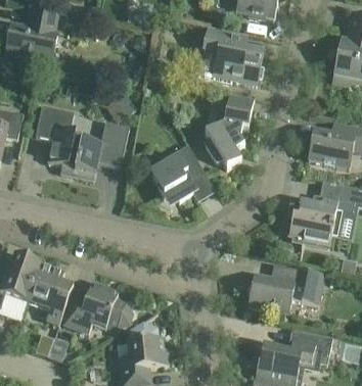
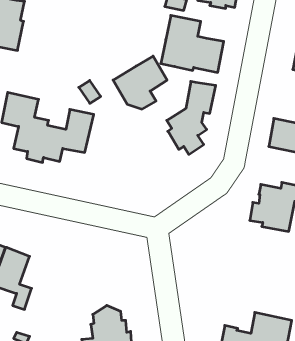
building: [148,147,203,201] -> [113,56,167,109]
building: [247,264,323,312] -> none
building: [63,281,132,332] -> none

